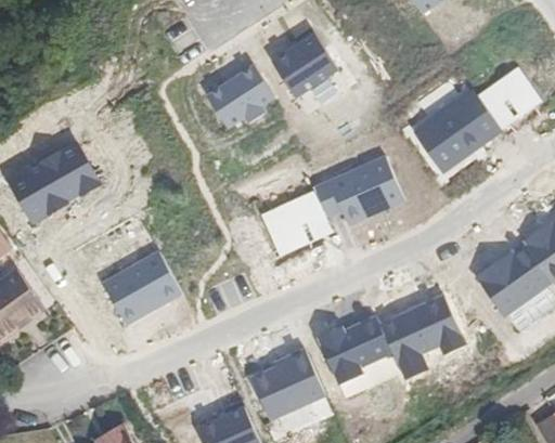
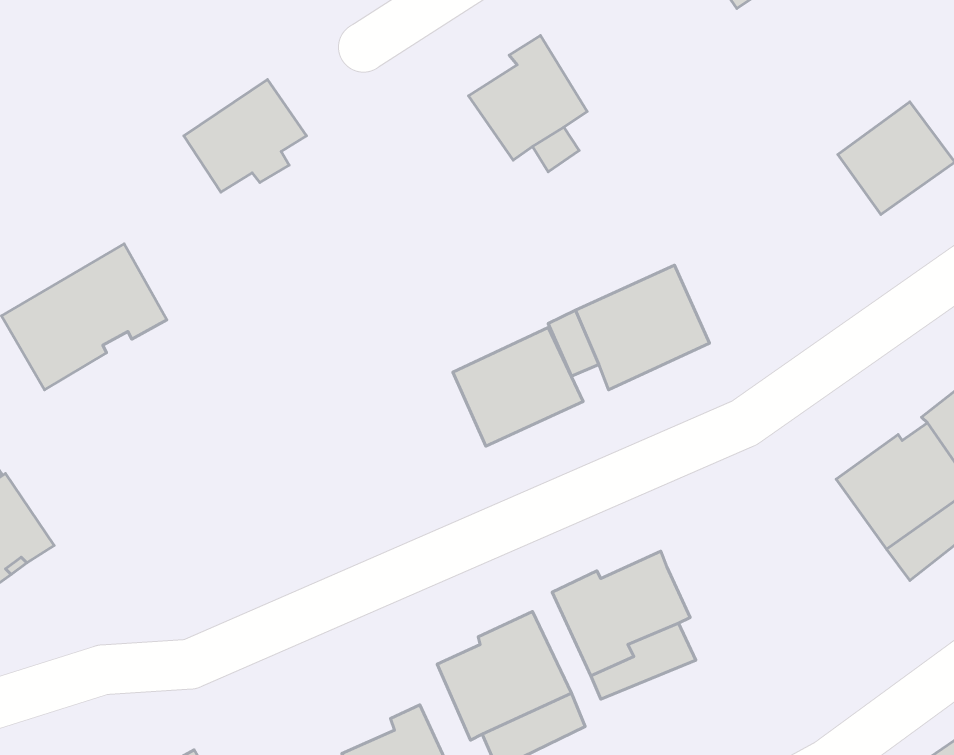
building: [206,65,274,128] -> [184,79,307,192]
building: [412,88,501,171] -> none
building: [103,251,183,325] -> none
building: [380,294,467,378] -> none

